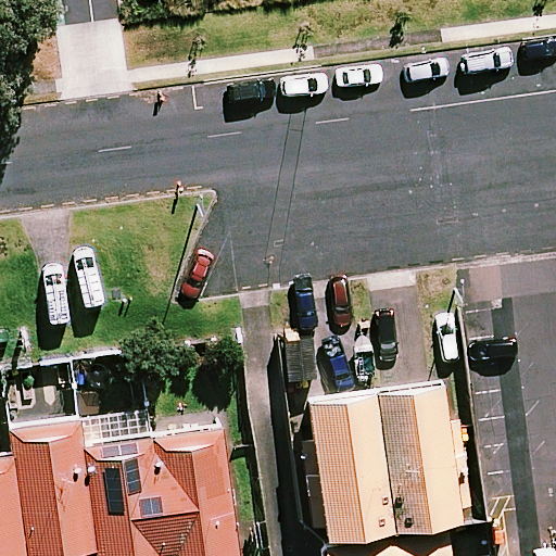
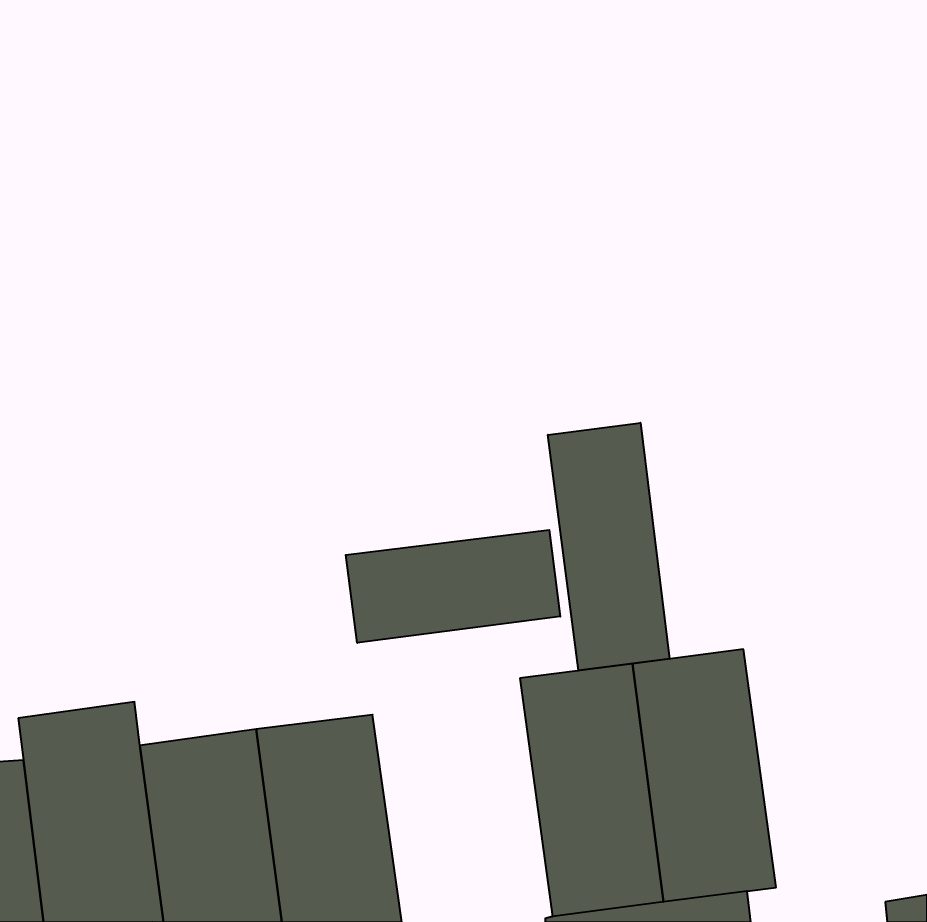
building: none -> [548,423,670,671]
building: none -> [346,530,560,643]

